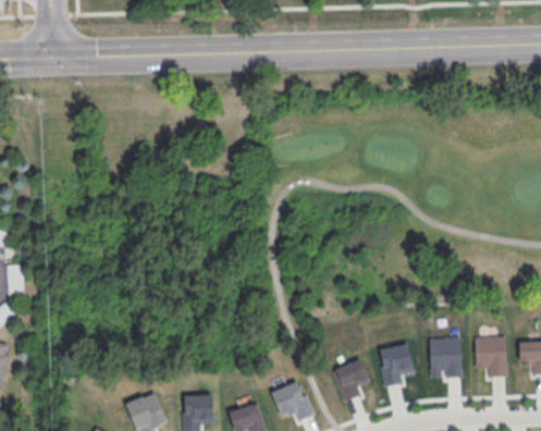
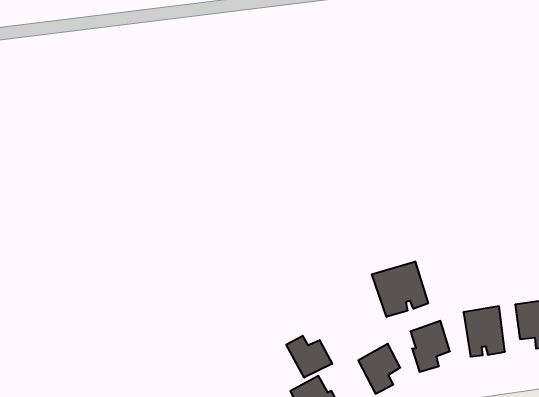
building: none -> [372,261,428,317]
building: none -> [286,336,332,378]

